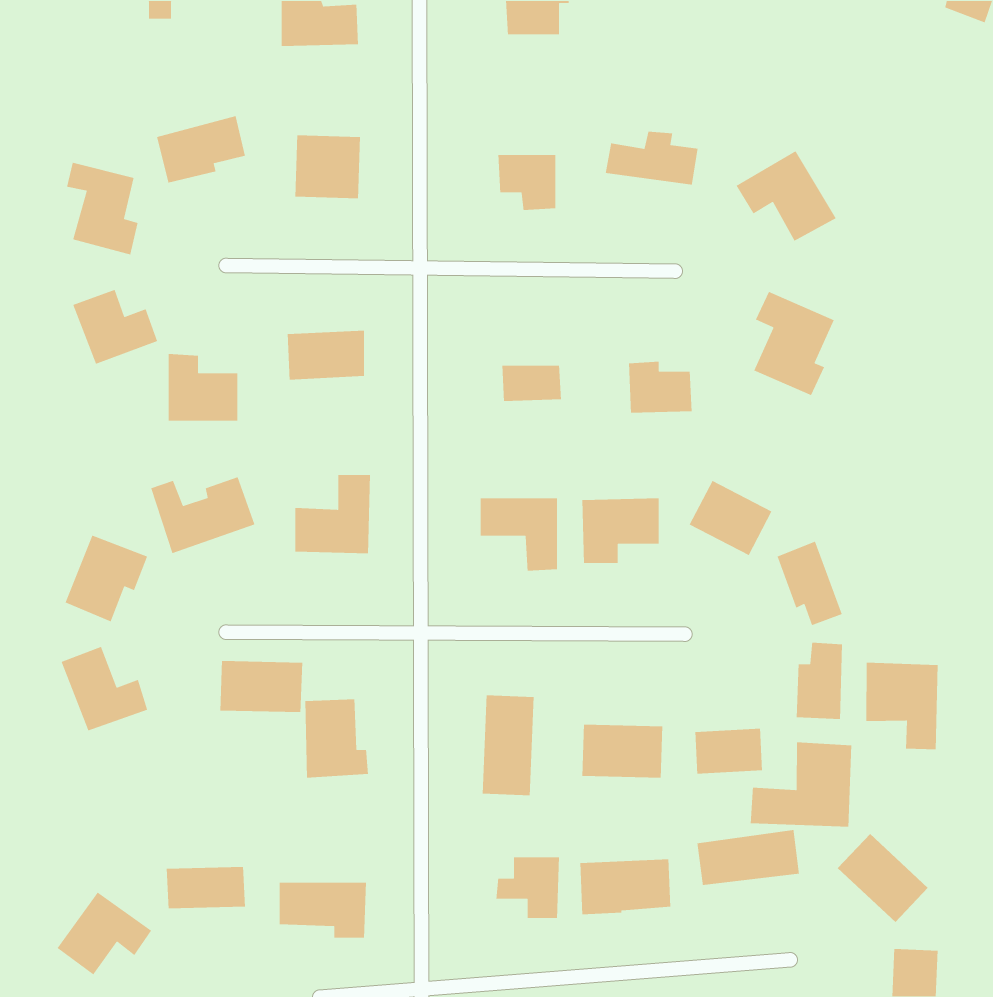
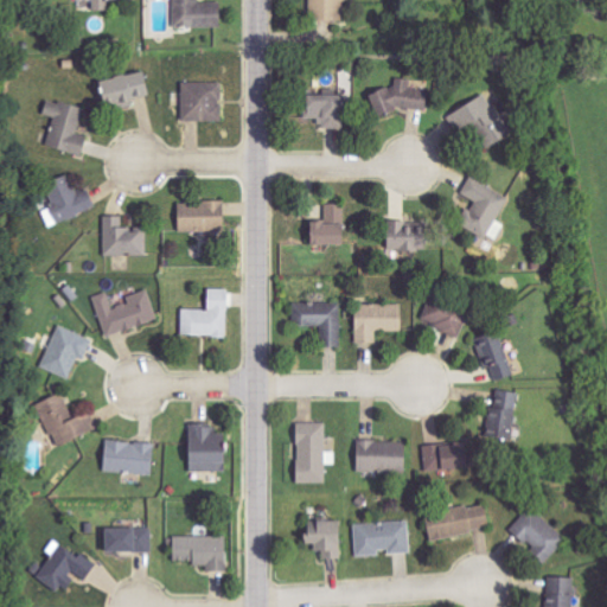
building: [219,660,303,713] -> [101,441,152,473]
building: [865,662,939,750] -> none
building: [750,742,852,827] -> none

